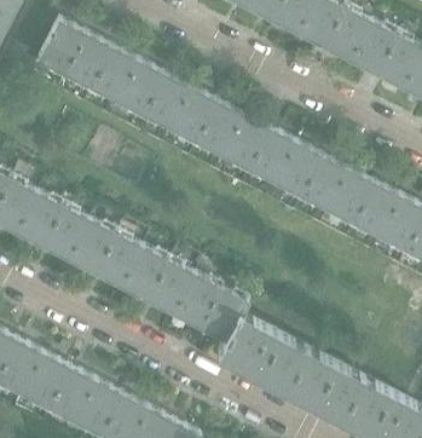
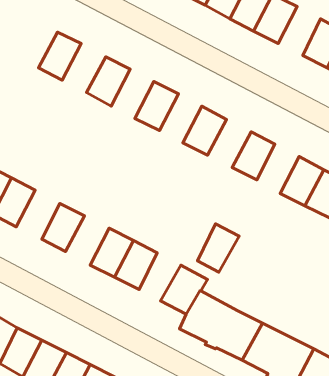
building: [325,8,371,62] -> none
building: [39,22,87,75] -> none
building: [92,48,139,102] -> none
building: [145,76,191,129] -> none
building: [197,103,243,156] -> none
building: [249,131,296,183] -> none
building: [302,157,348,211] -> none
building: [42,207,89,260] -> none
building: [96,235,143,288] -> none
building: [175,275,220,327] -> [198,224,239,272]

